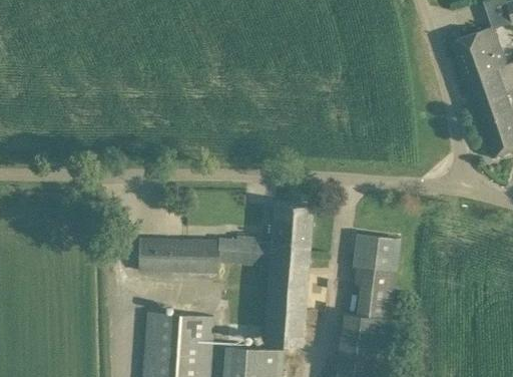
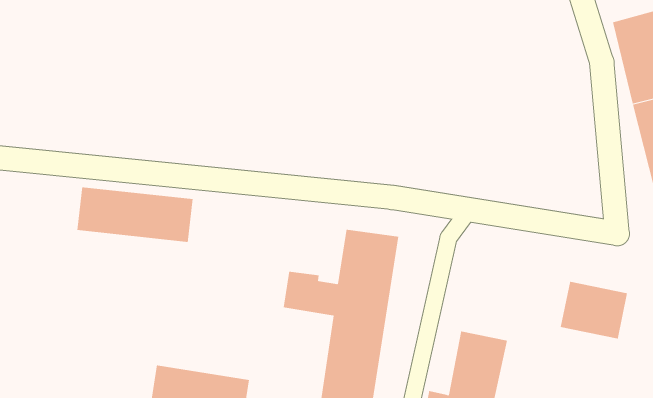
building: [354,235,400,273] -> [560,281,628,339]
building: [137,240,218,273] -> [76,187,194,242]

